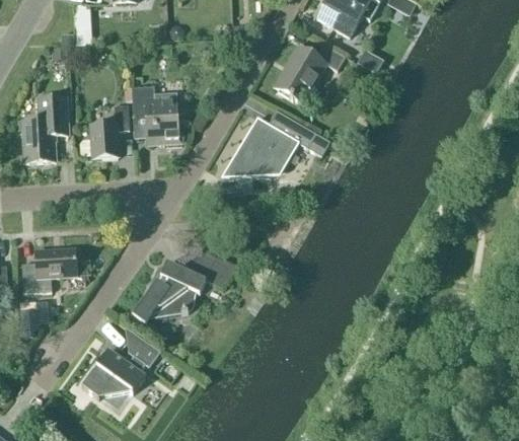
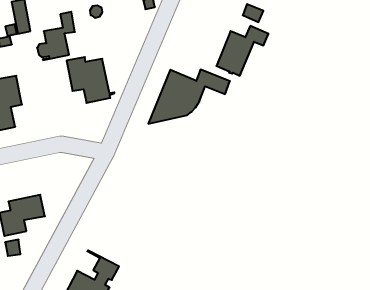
building: [275,44,345,103] -> [216,26,269,76]
building: [79,104,129,159] -> [37,12,75,60]
building: [132,247,236,319] -> none

